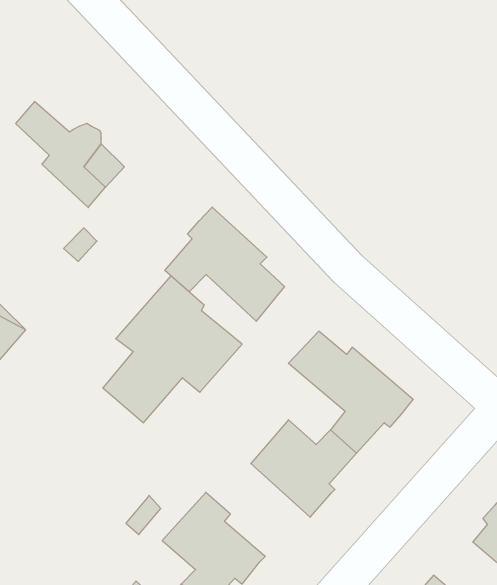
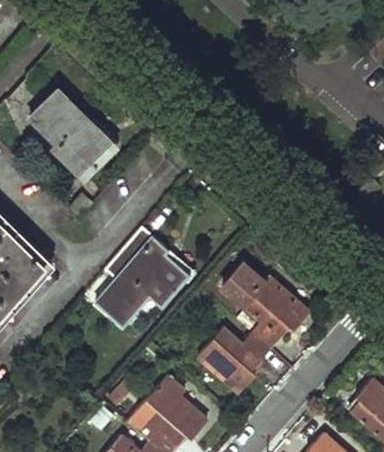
building: none -> [30,90,93,128]
building: [165,207,285,321] -> none

